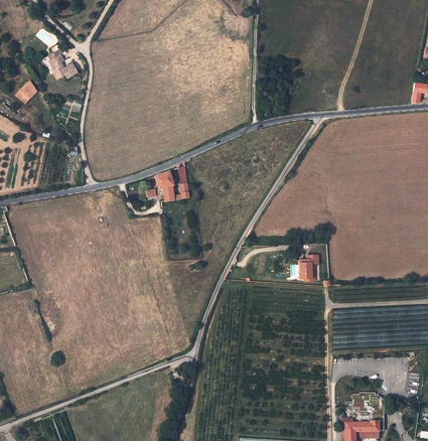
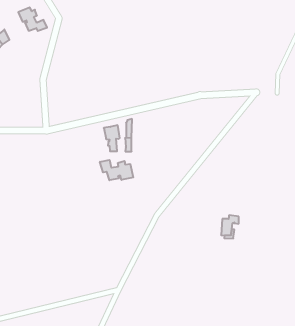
building: none -> [100,160,133,180]

